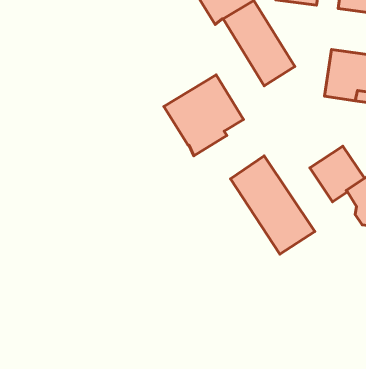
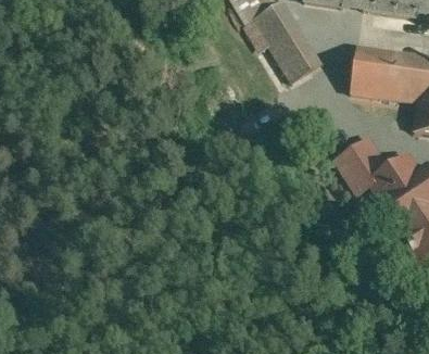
building: [164,75,243,156] -> none
building: [230,156,315,254] -> none

